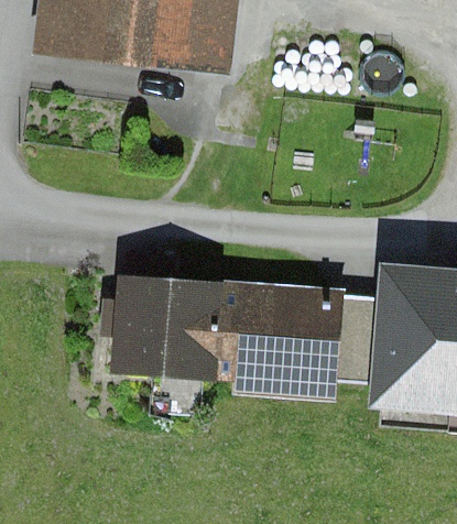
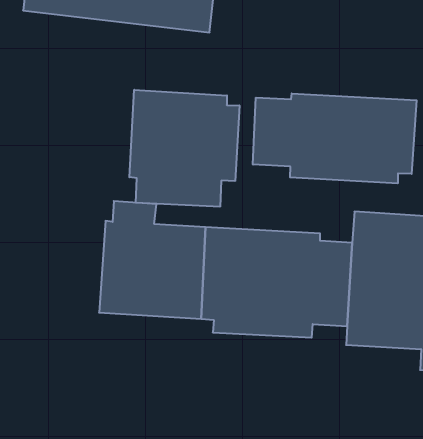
building: none -> [129,90,239,207]
building: none -> [253,93,417,183]

